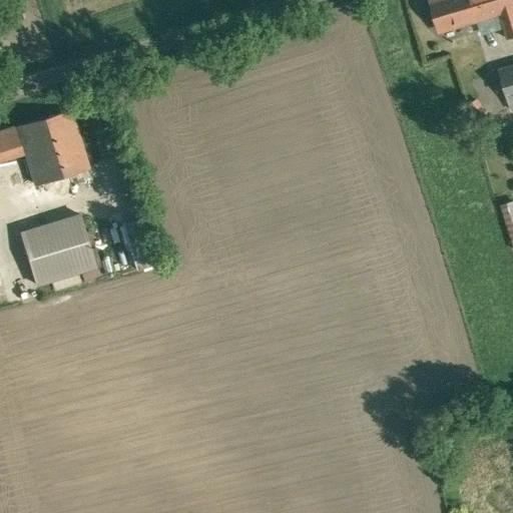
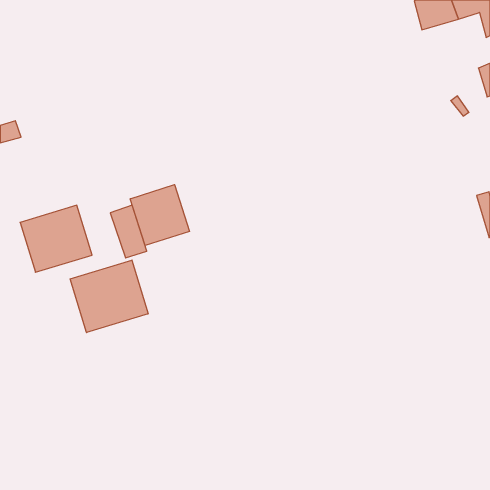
building: [18,109,88,184] -> none
building: none -> [130,185,189,246]
building: none -> [70,260,148,333]

